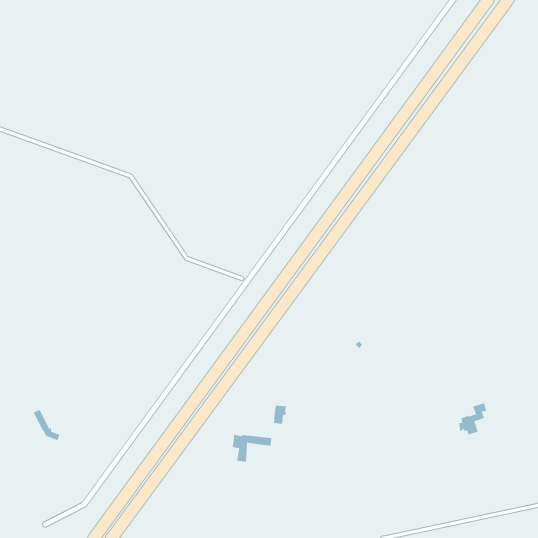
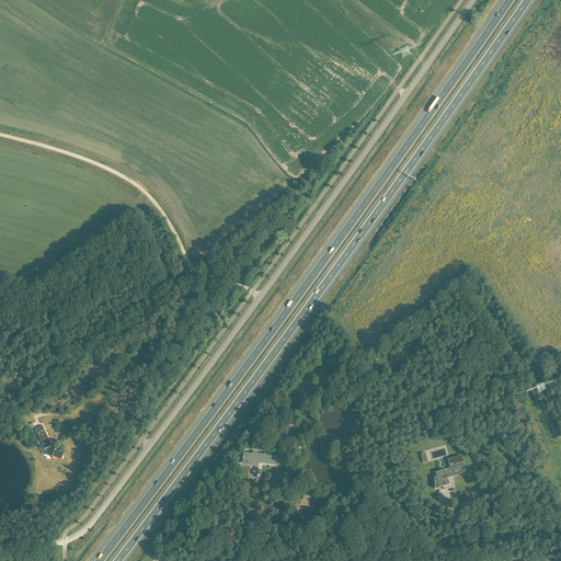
building: [458,402,487,435] -> [433,455,462,489]

